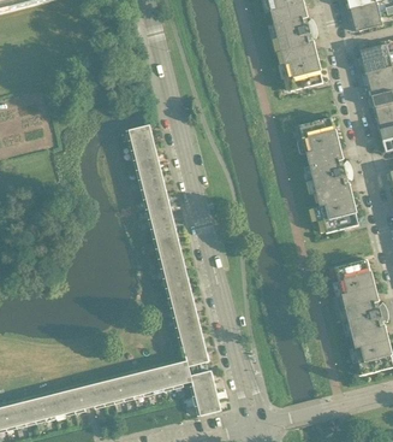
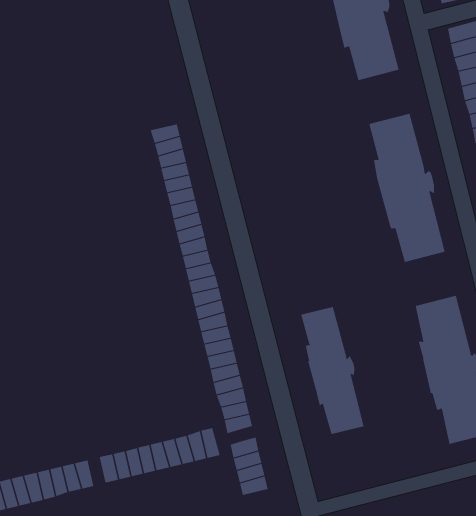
building: none -> [300,306,364,435]

